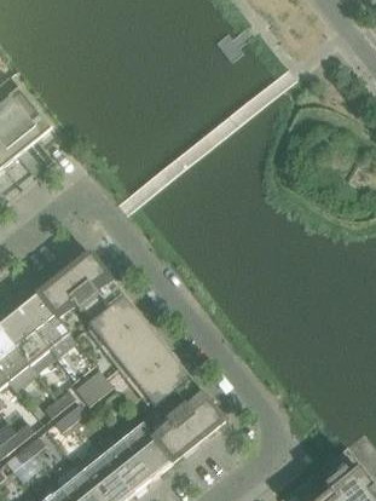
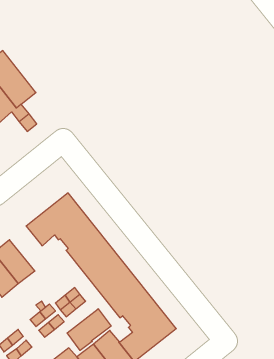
building: [17,292,69,347] -> none
building: none -> [67,309,111,350]

